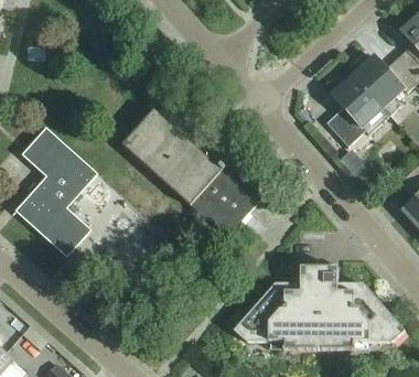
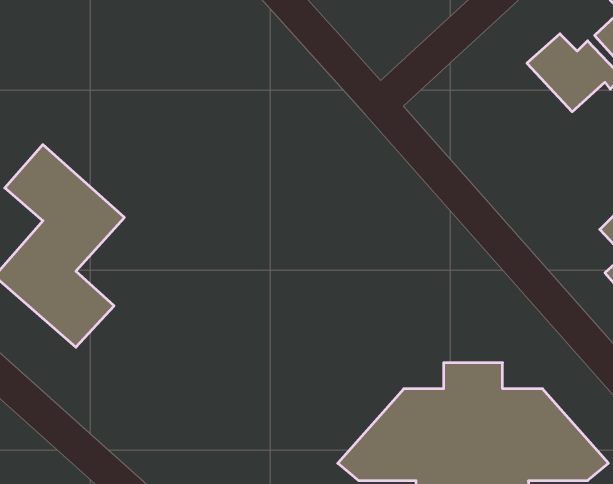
building: [325,75,382,146] -> none
building: [122,99,261,236] -> none

